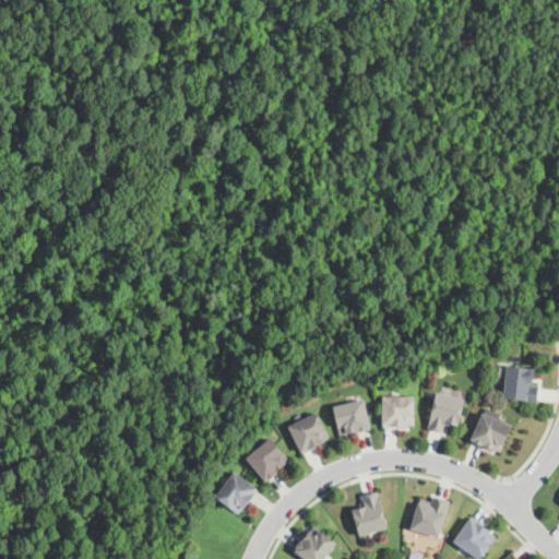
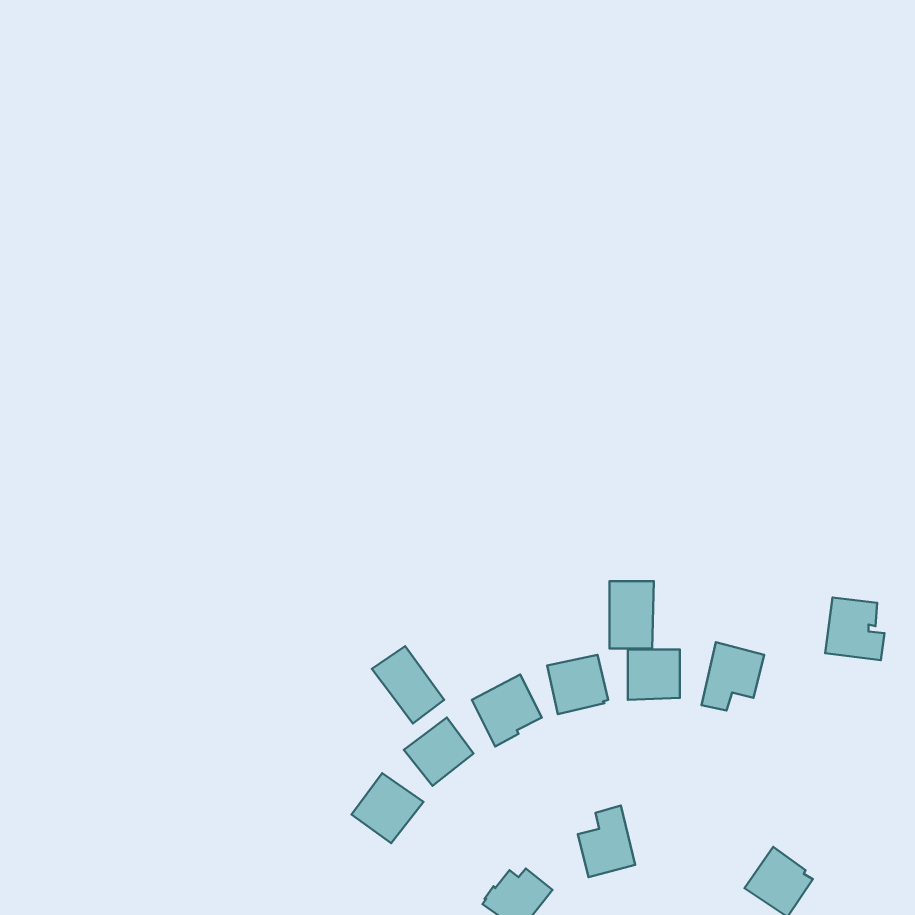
building: none -> [609,581,654,649]
building: none -> [372,646,444,723]
building: [469,413,512,452] -> none
building: [409,496,449,537] -> none

